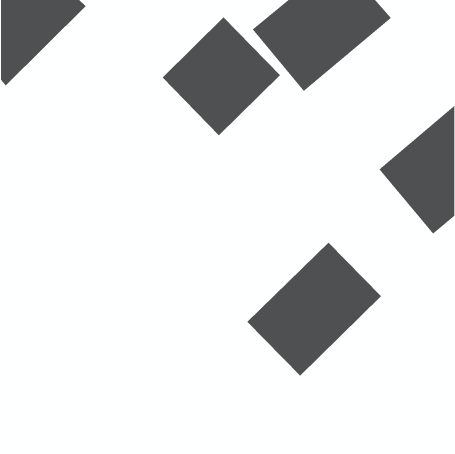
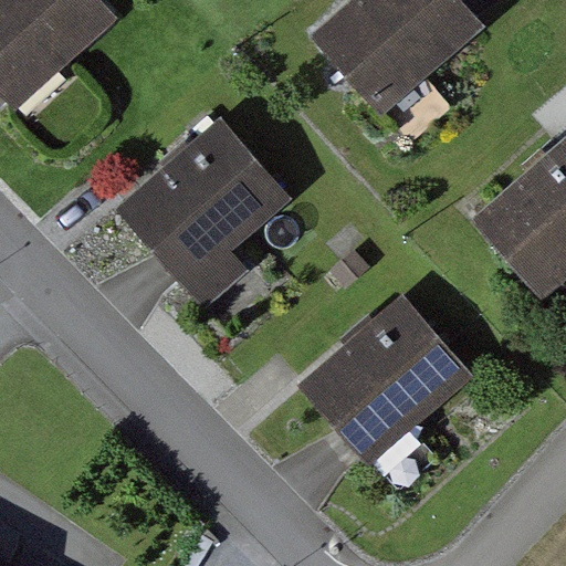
building: [162,17,281,136] -> none
building: none -> [118,125,287,311]

